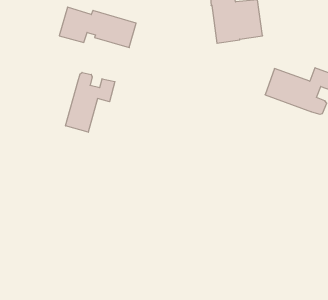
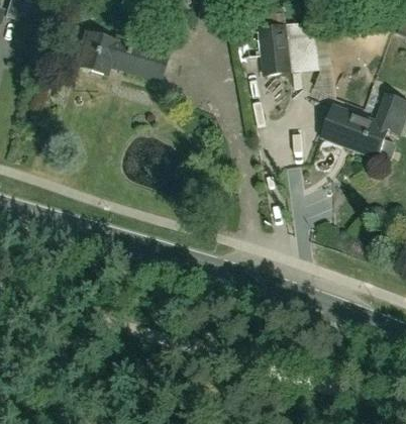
building: [66,72,115,132] -> none

